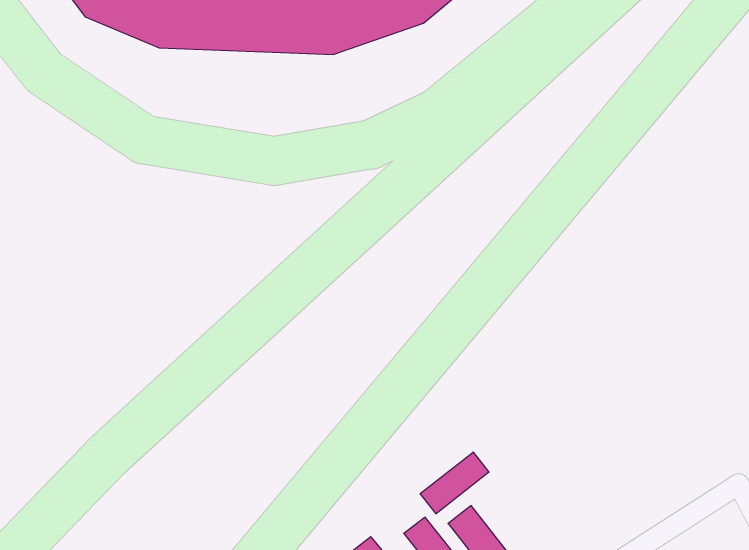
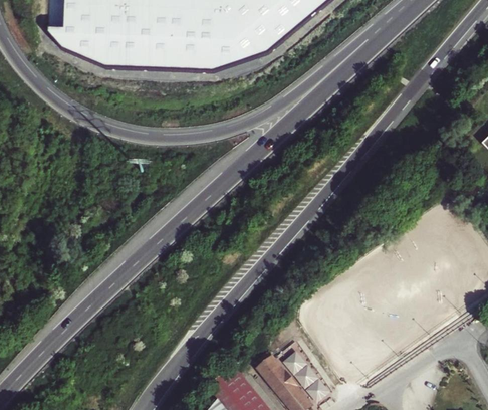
building: [420,452,489,514] -> none

